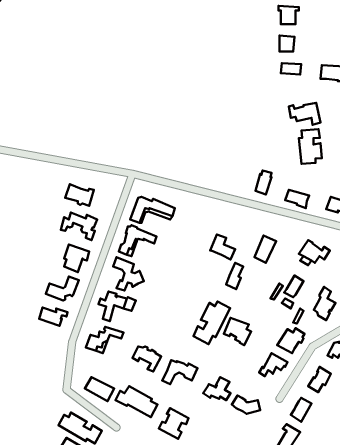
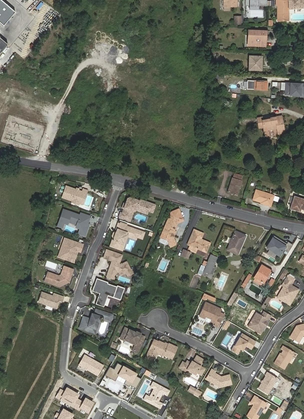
building: [299,129,322,164] -> none
building: none -> [159,209,183,248]
building: [193,302,230,344] -> none

